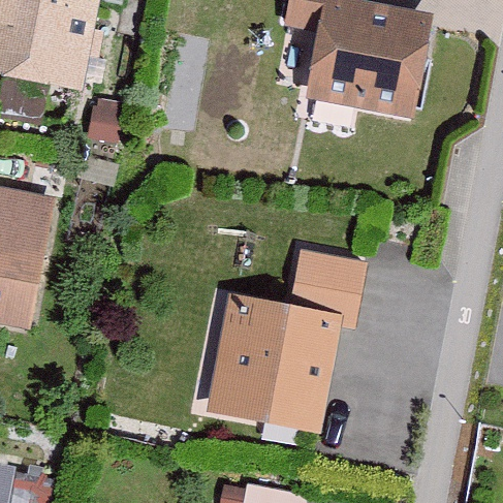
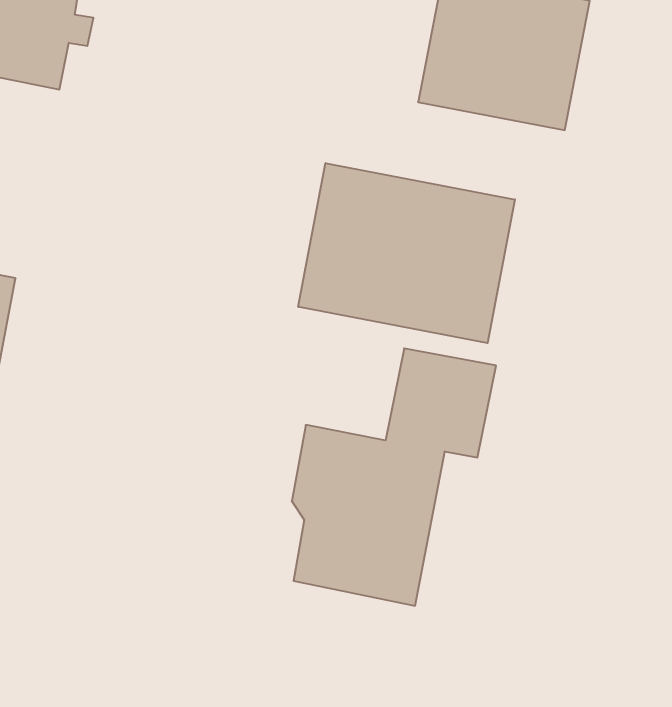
building: none -> [298,163,515,343]

